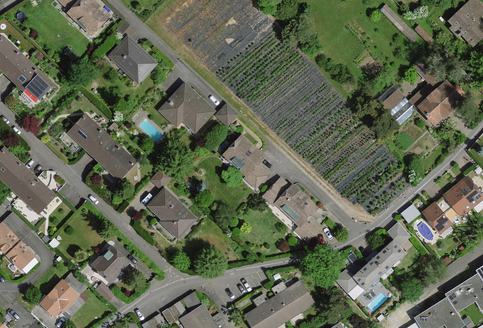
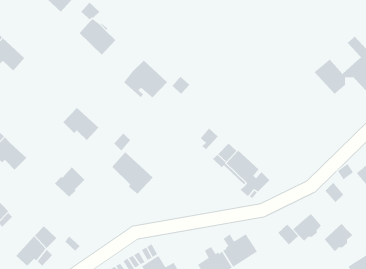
building: [71,115,110,156] -> none
building: [226,138,262,174] -> none
building: [373,239,406,272] -> [324,223,353,252]
building: [92,246,127,281] -> [54,166,85,198]

